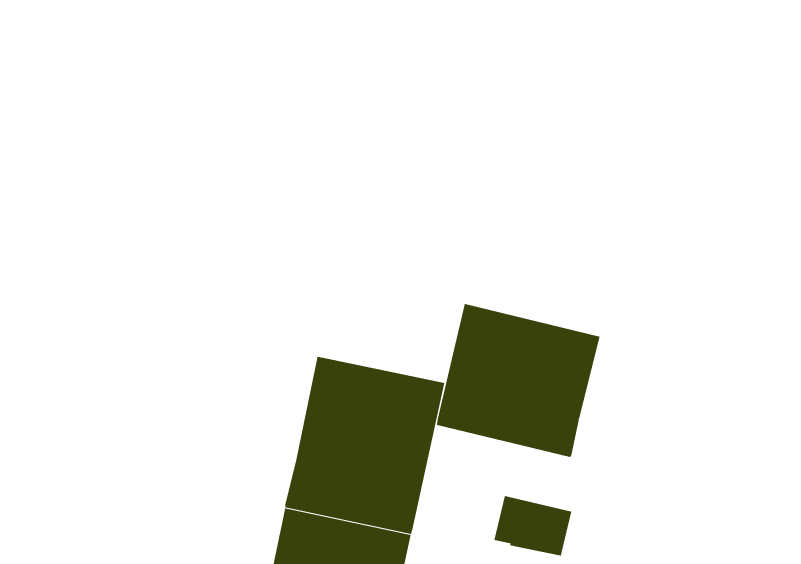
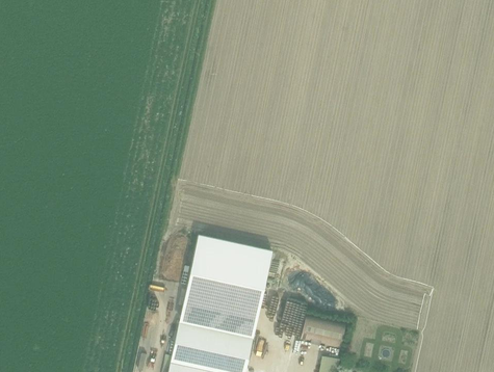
building: [437,303,600,458] -> none

